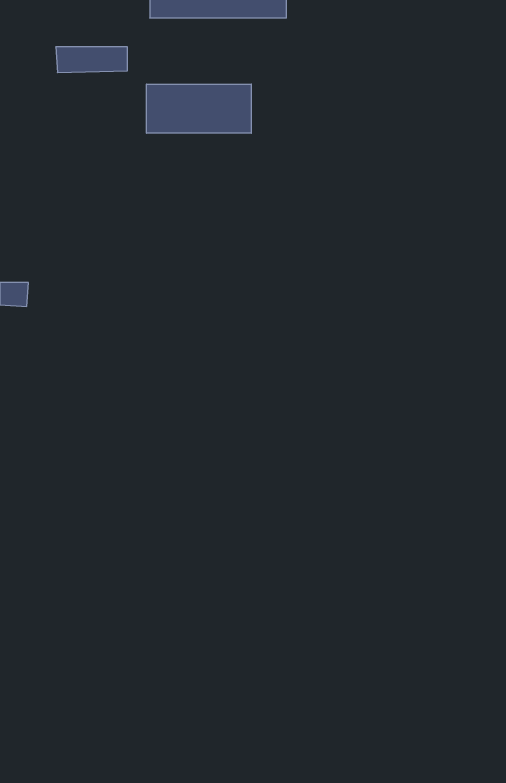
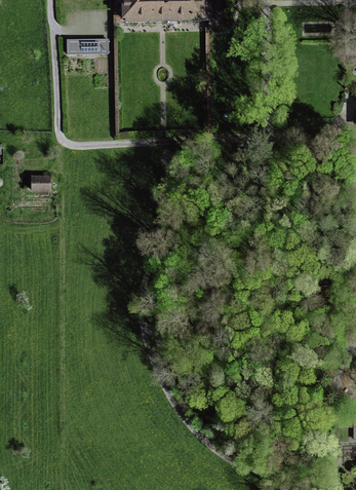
building: [147,84,251,133] -> none

